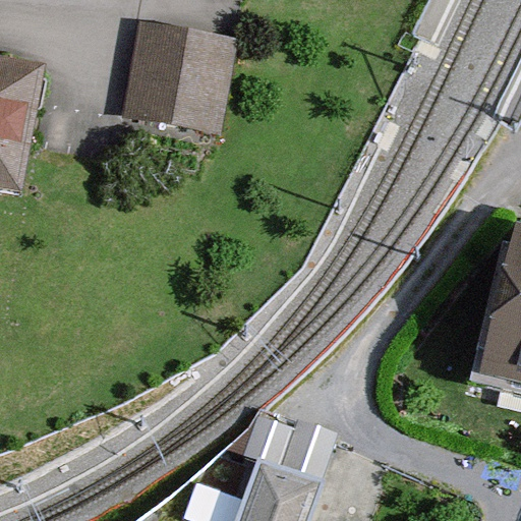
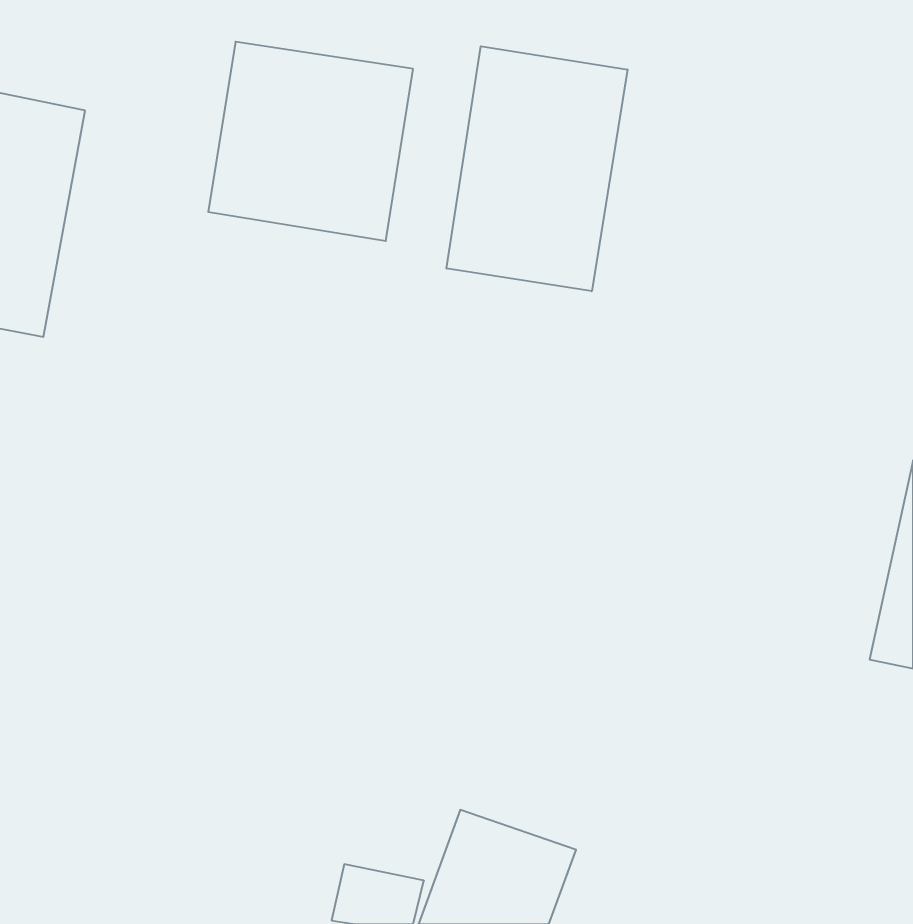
building: none -> [447,46,627,291]

